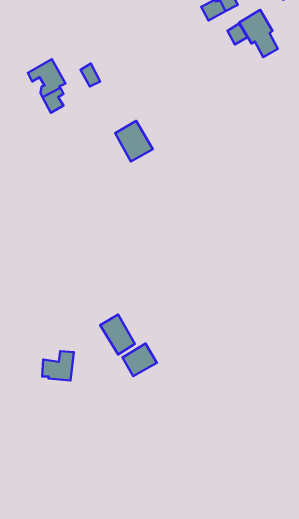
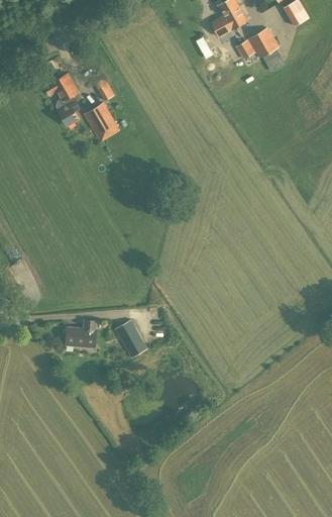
building: [115,121,153,162] -> [84,102,120,141]
building: [123,343,157,376] -> none
building: [42,351,74,381] -> [67,319,97,347]

